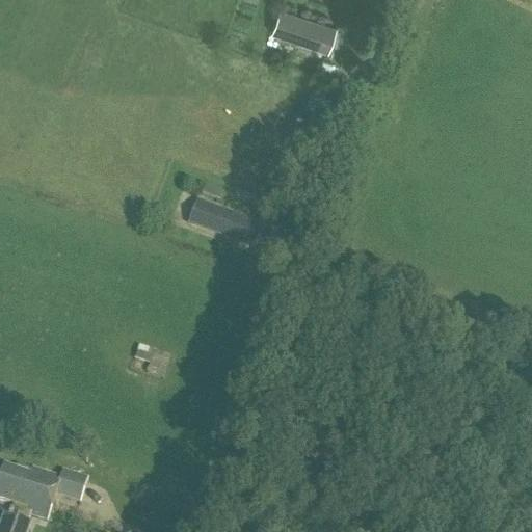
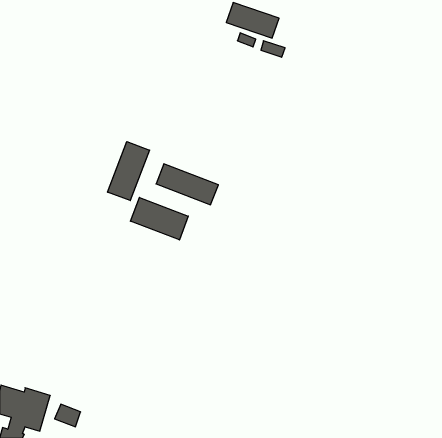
building: none -> [108,142,150,201]
building: none -> [130,197,188,240]

